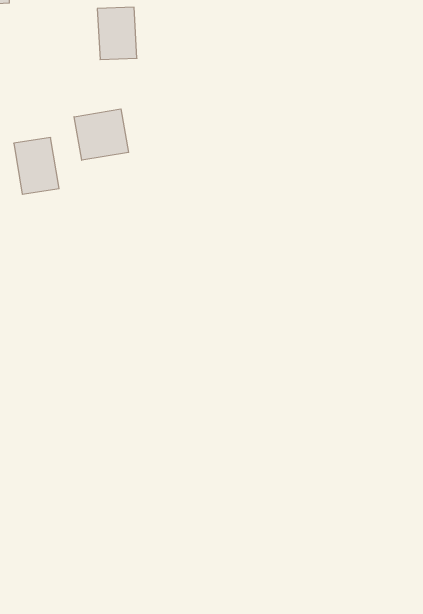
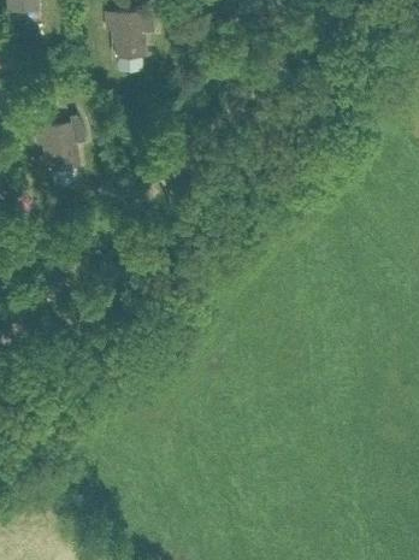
building: [74,109,129,160] -> none

